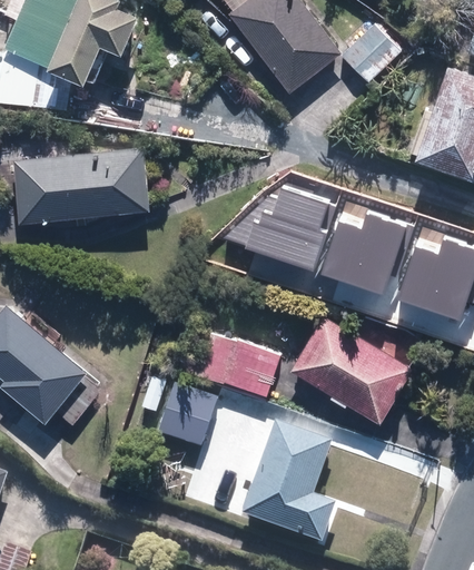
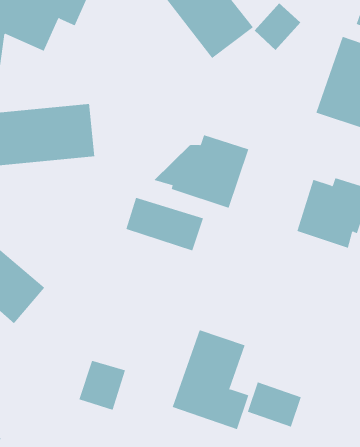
building: [316,212,409,298] -> none
building: [294,318,411,422] -> none
building: [184,331,279,396] -> [125,197,204,251]
building: [159,383,217,444] -> [79,360,126,410]
building: none -> [247,382,302,427]

